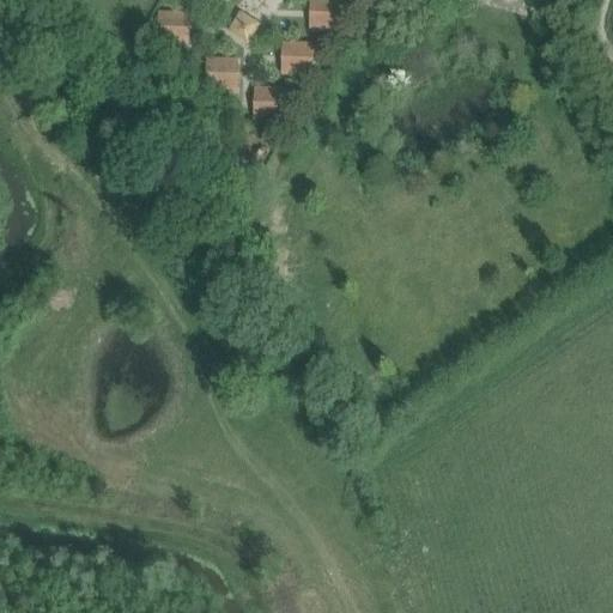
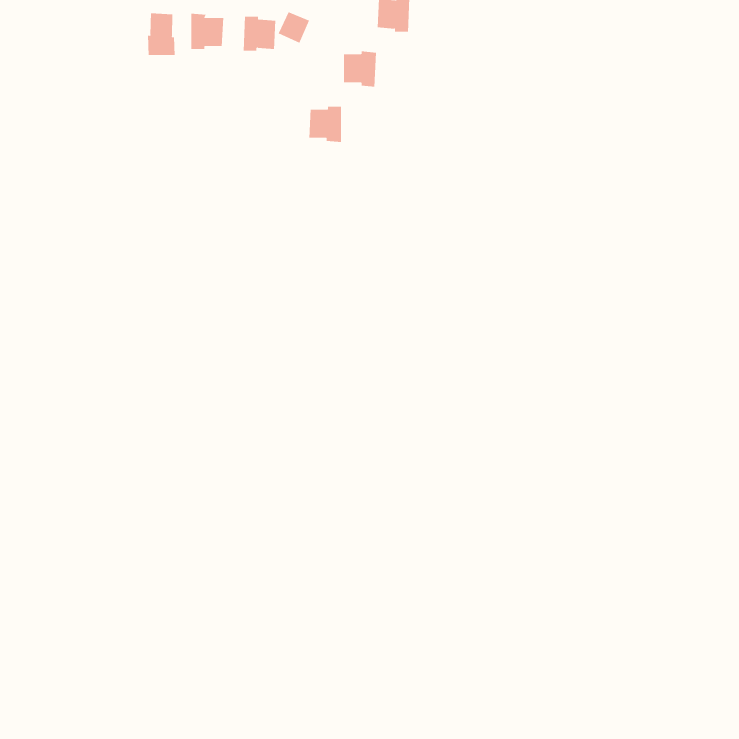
building: none -> [148,12,175,56]
building: [205,57,232,86] -> [243,16,276,51]

